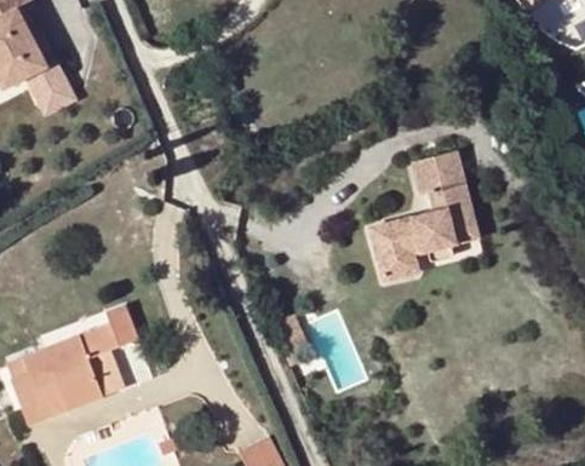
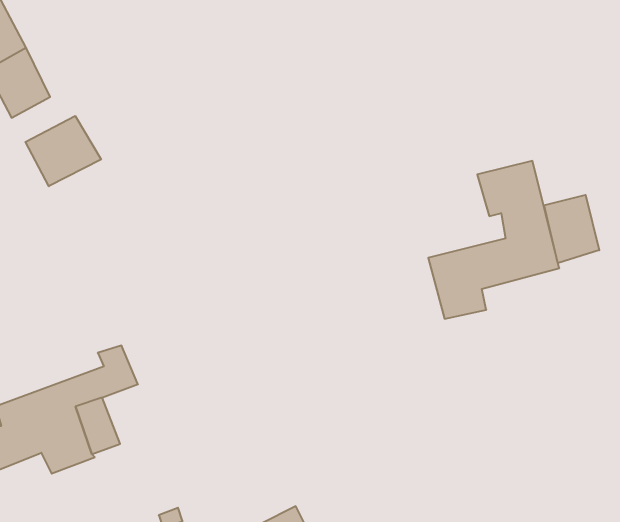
building: none -> [25,116,101,186]
building: none -> [544,195,599,263]

